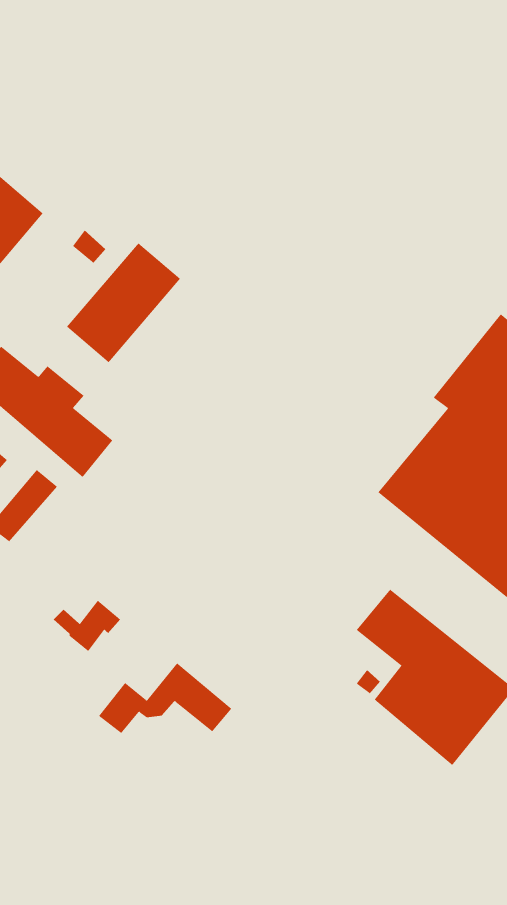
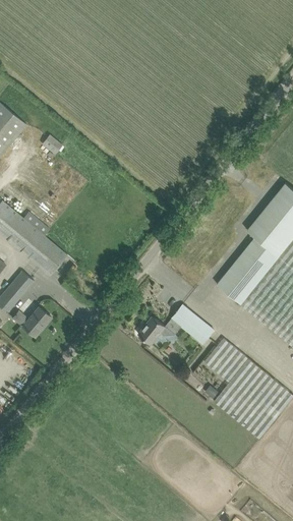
building: [66,242,181,363] -> none
building: [53,600,121,652] -> [13,306,52,336]
building: [98,662,232,734] -> [138,304,215,345]

